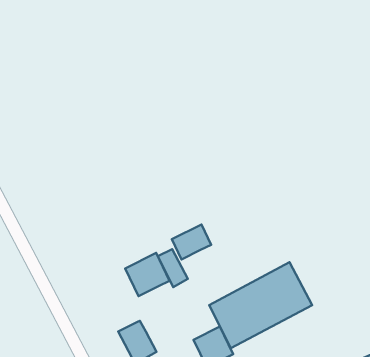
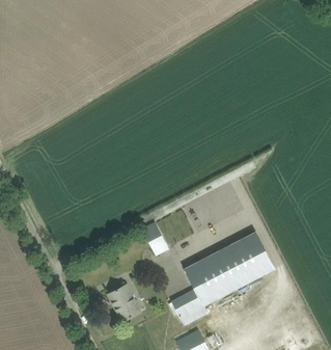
building: [172,225,211,260] -> none
building: [125,253,169,296] -> none

